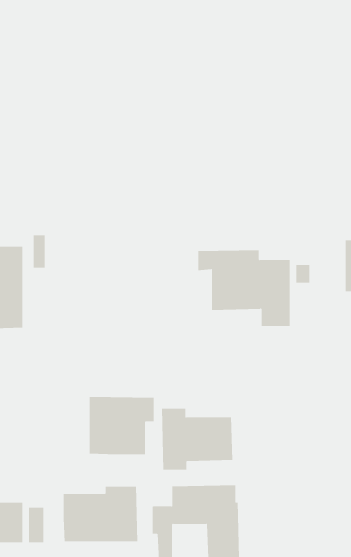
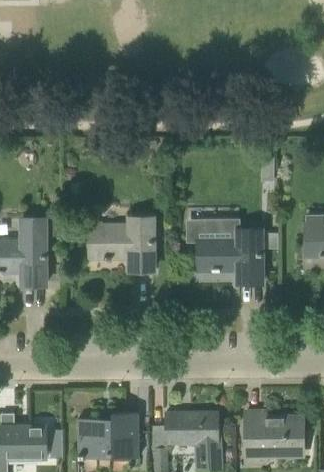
building: none -> [89,217,153,270]
building: [89,396,154,455] -> none
building: [161,408,233,470] -> [245,411,303,461]

